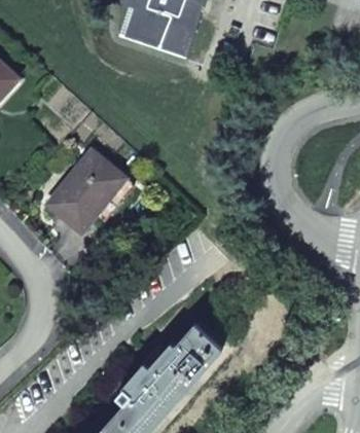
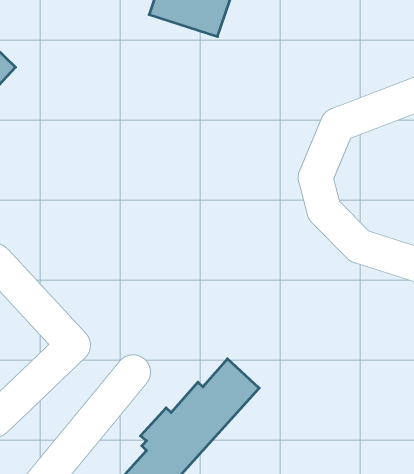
building: [45,150,132,232] -> none

